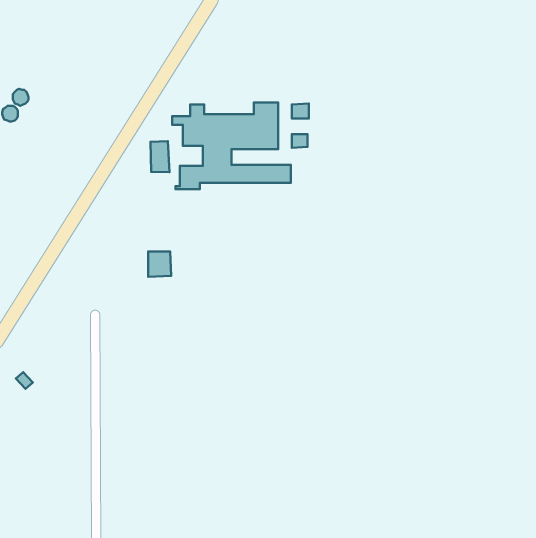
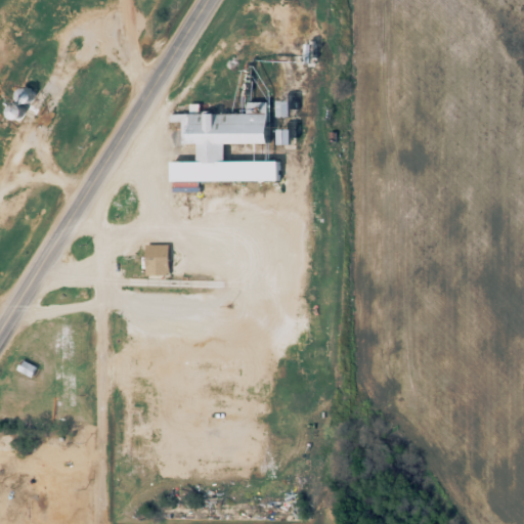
building: [151,141,169,172] -> none

